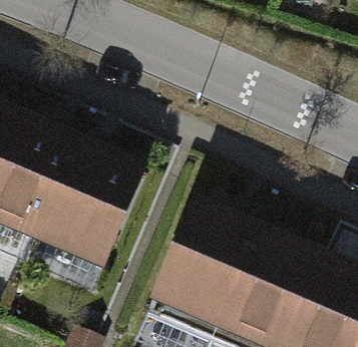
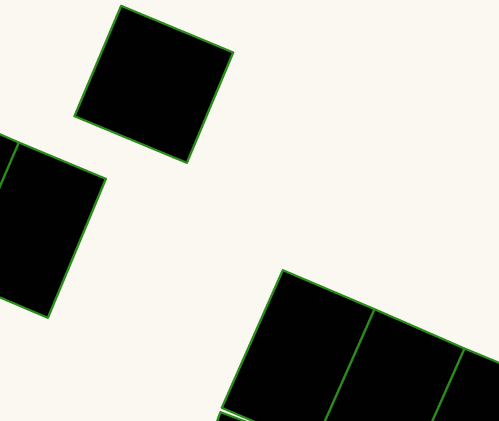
building: none -> [74,6,233,163]
building: [34,146,141,271] -> none

